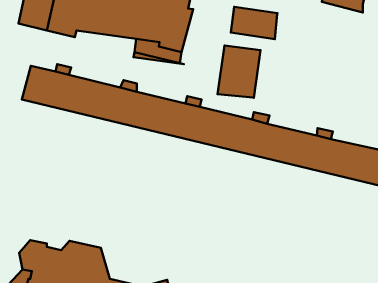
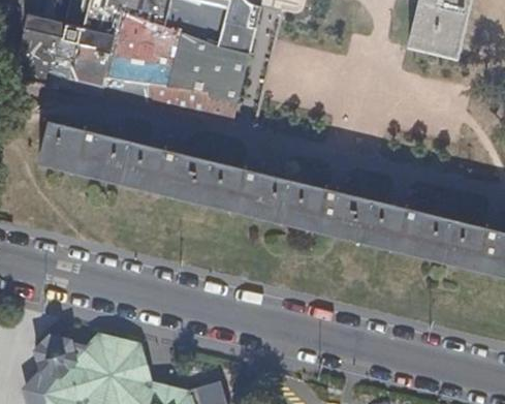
building: [231,7,277,39] -> none
building: [217,46,260,98] -> none

